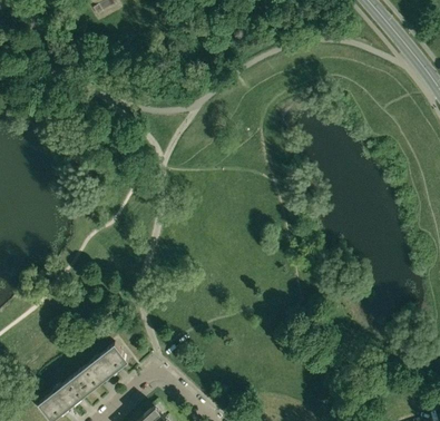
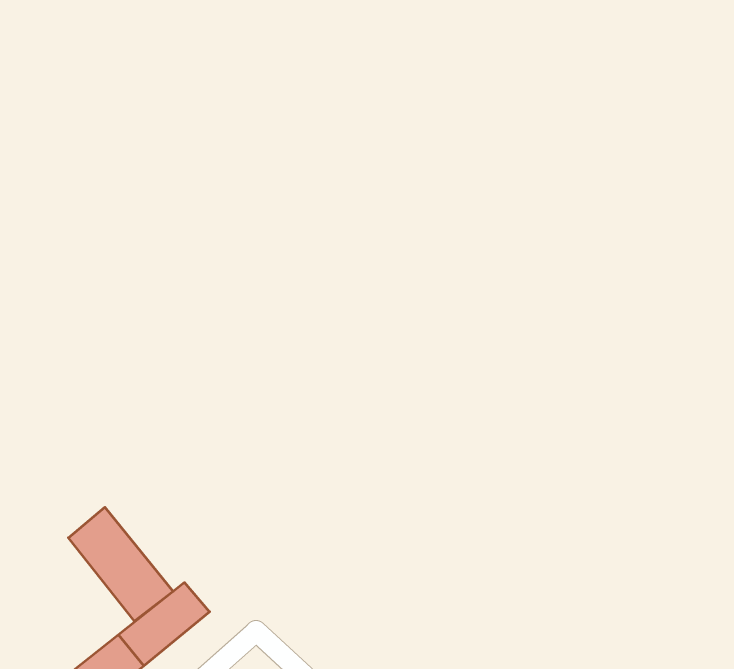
building: none -> [68,507,173,621]

